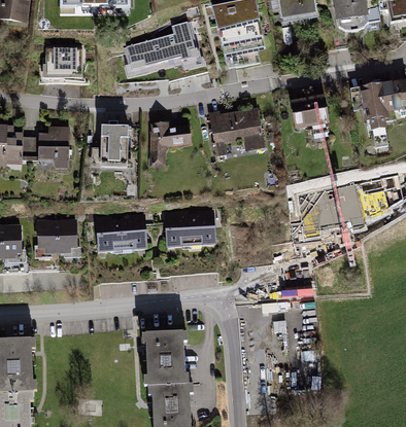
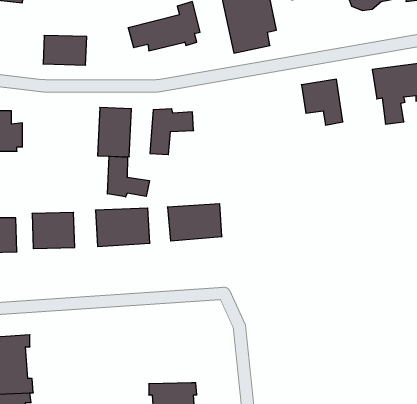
building: [209,107,264,157] -> none
building: [27,130,68,168] -> none
building: none -> [107,156,149,197]
building: [139,328,187,383] -> none

